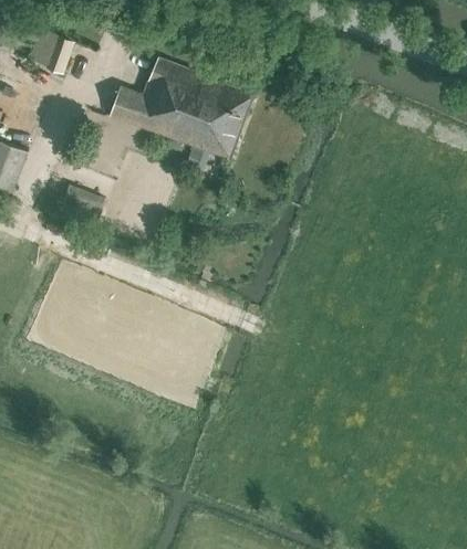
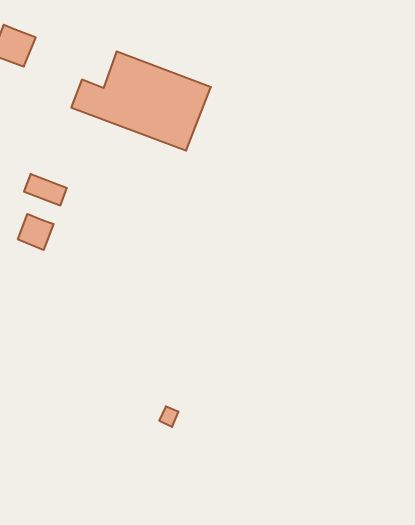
building: none -> [18,214,54,250]

